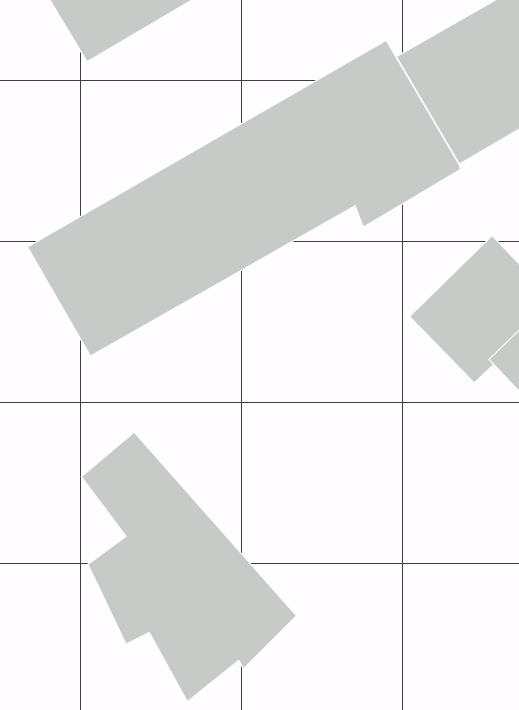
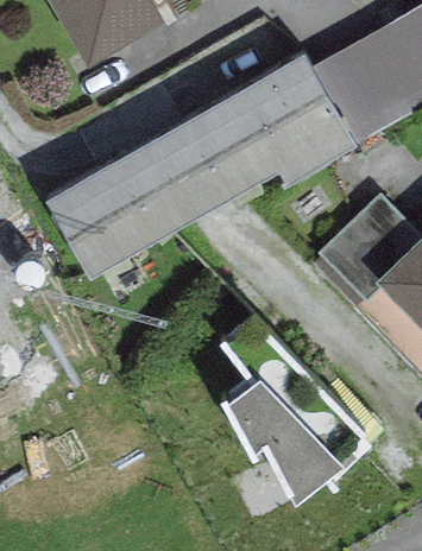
building: [81,432,296,702] -> [218,312,372,506]

